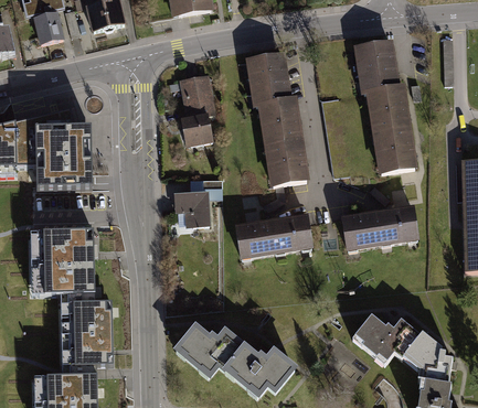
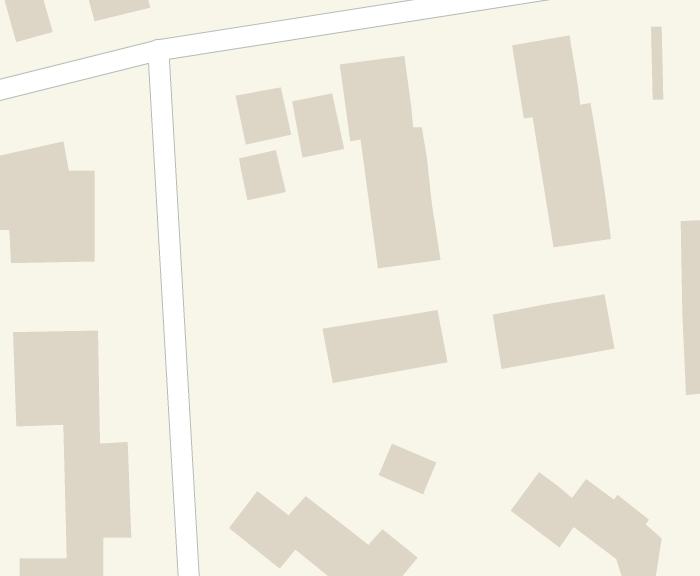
building: none -> [291,93,345,158]
building: [173,189,210,226] -> none
building: none -> [378,442,438,495]

